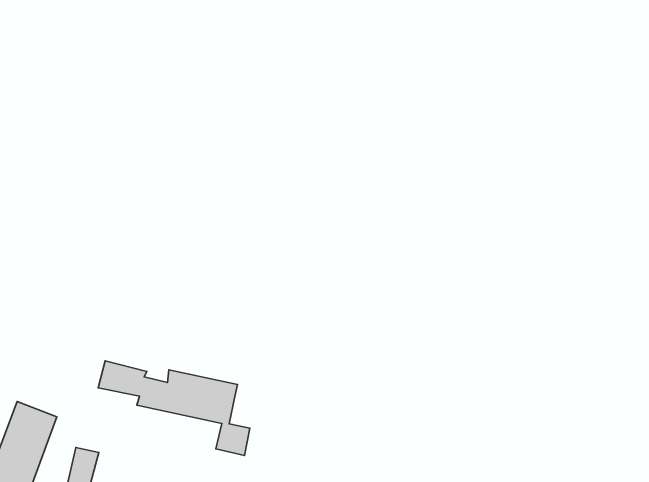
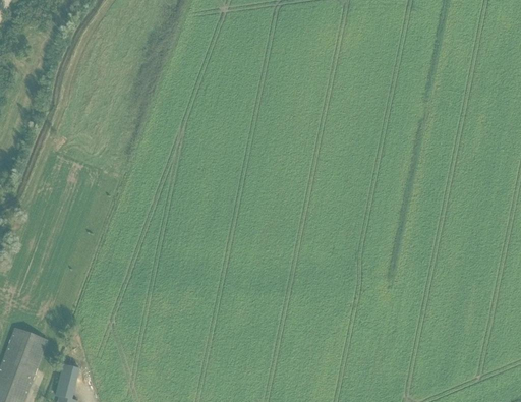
building: [98,361,250,456] -> none

